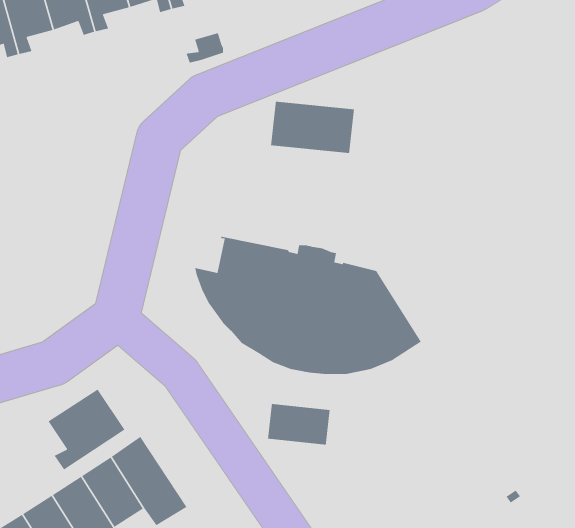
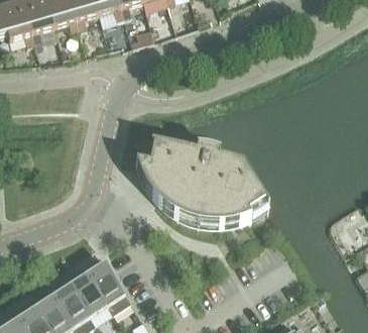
building: [270,101,355,154] -> none
building: [47,388,125,470] -> none
building: [267,403,330,445] -> none

